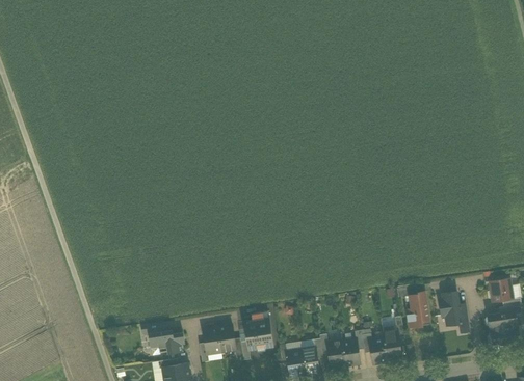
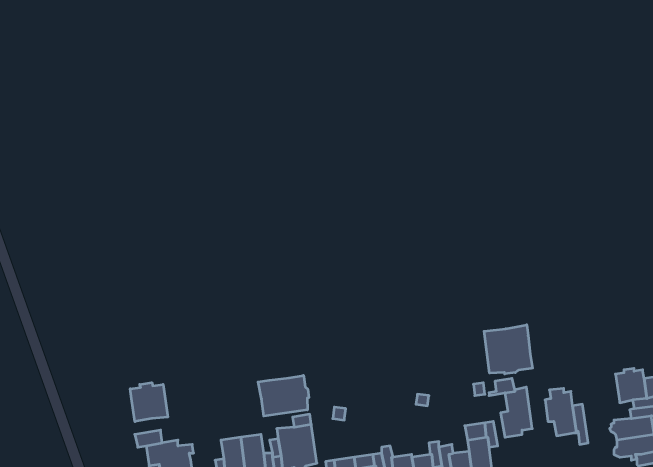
building: none -> [484,325,533,374]
building: none -> [258,375,309,416]
building: none -> [130,383,168,422]

